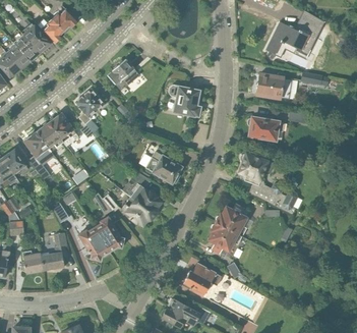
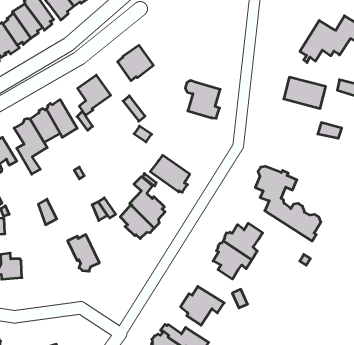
building: [247,116,283,140] -> none
building: [95,218,122,252] -> none
building: [41,233,66,271] -> none

